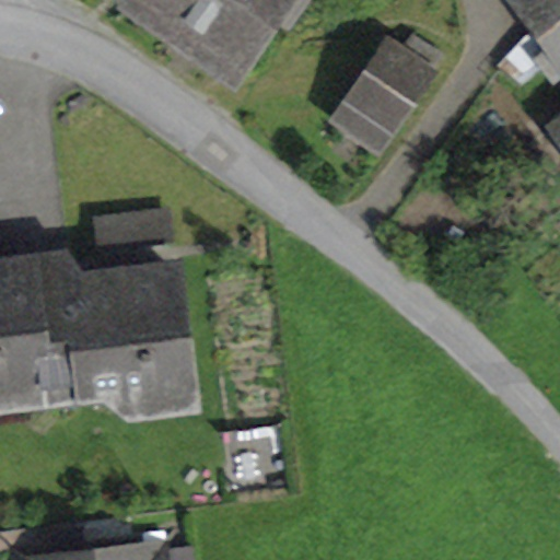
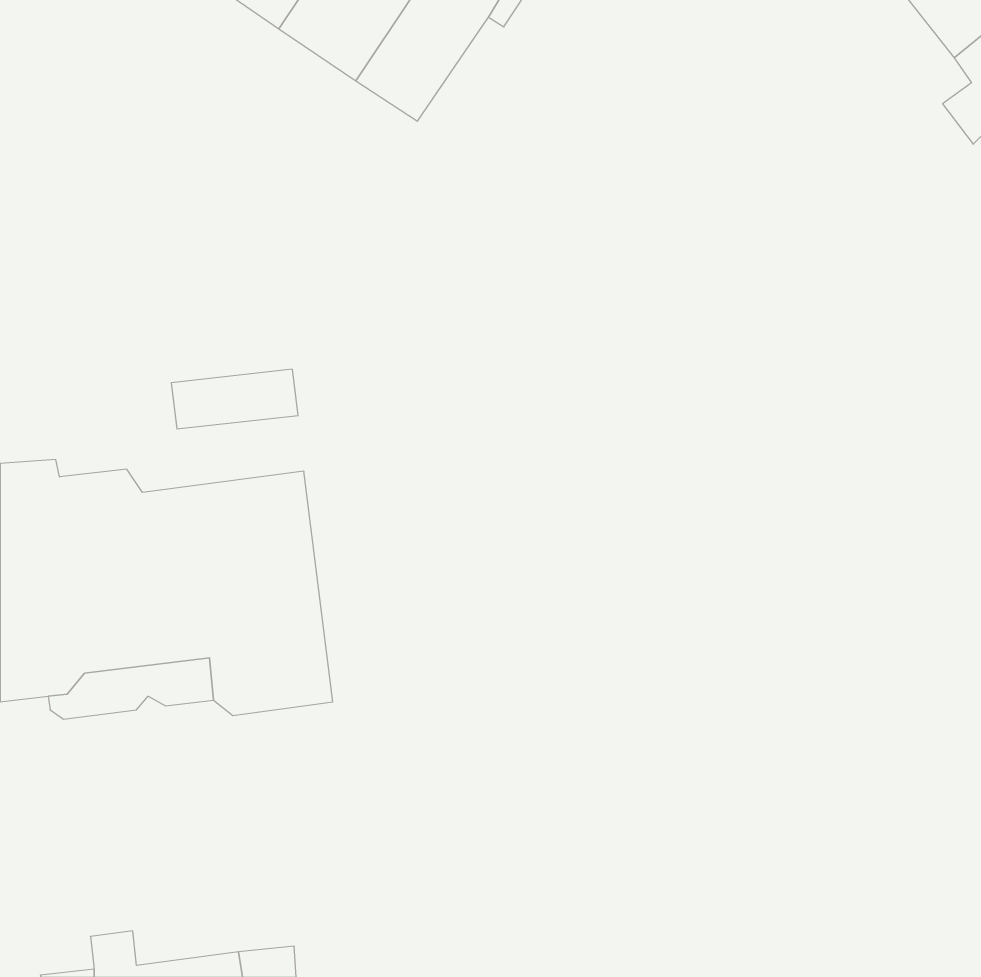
building: [338,42,434,149] -> none

